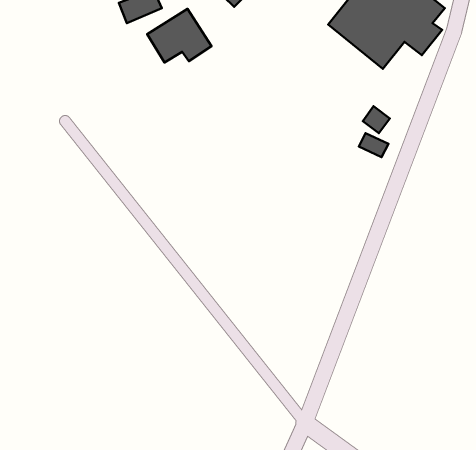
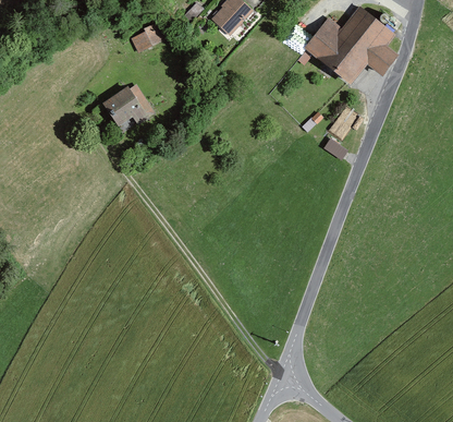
building: [147,9,212,62] -> [102,83,155,126]

